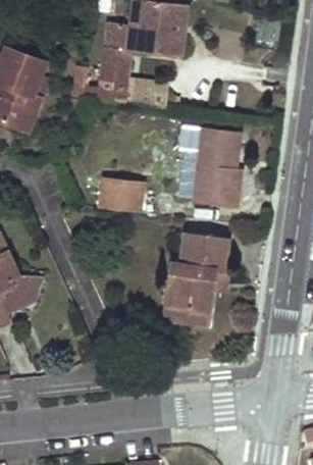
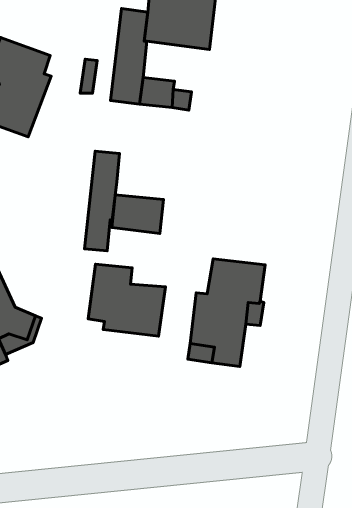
building: [194,127,242,208] -> none
building: none -> [85,151,120,251]
building: none -> [88,264,166,336]

